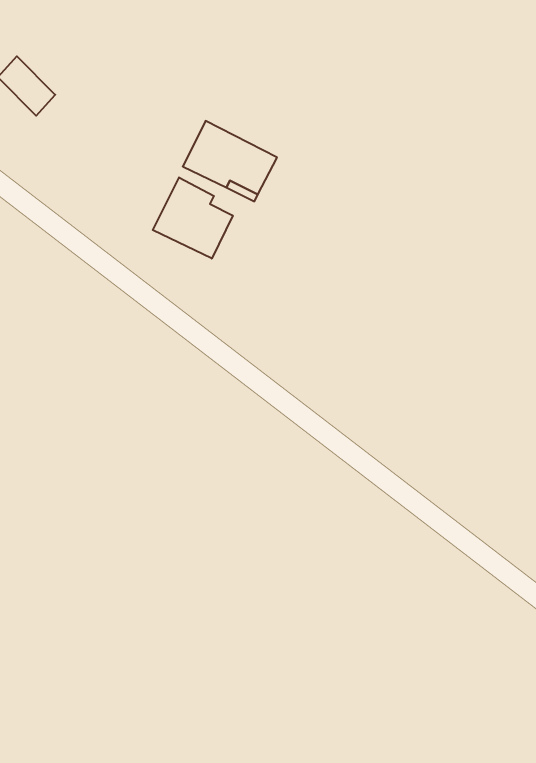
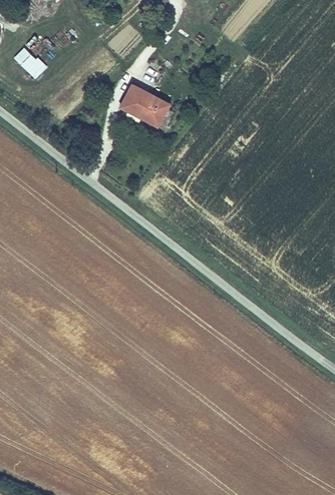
building: [153,177,233,259] -> none

